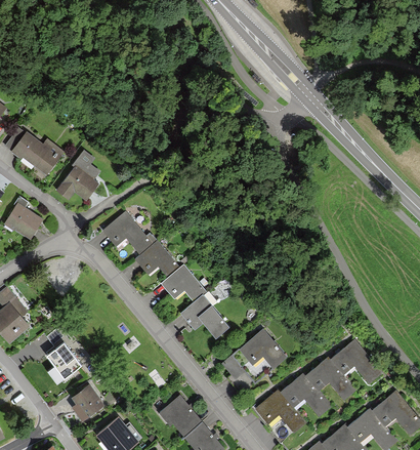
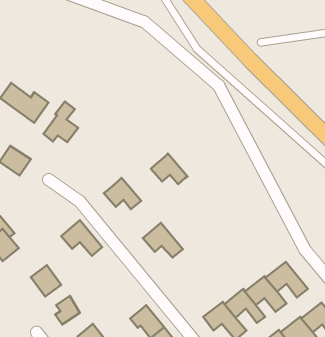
building: [100,212,150,255] -> [61,220,102,256]
building: [160,265,204,302] -> [151,154,188,184]
building: [222,329,286,384] -> none

